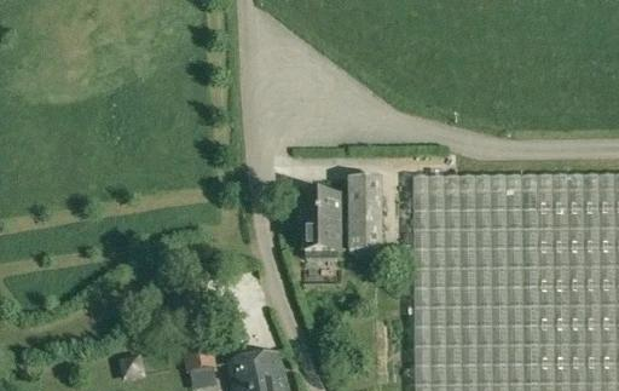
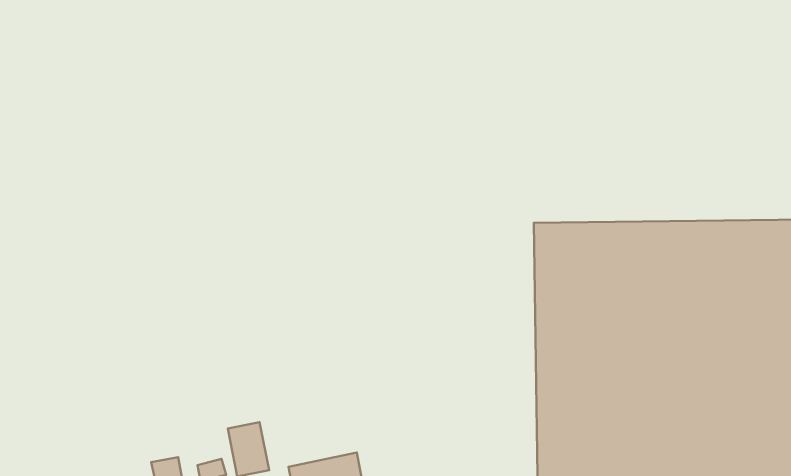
building: [348,177,381,251] -> none
building: [296,194,342,252] -> none

